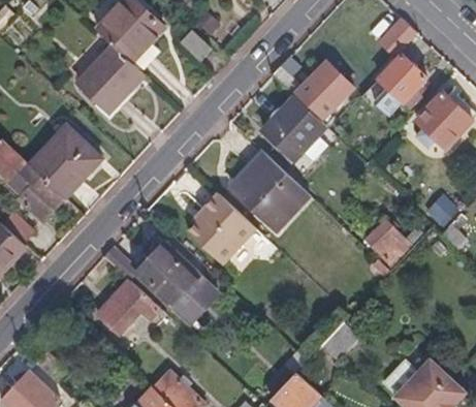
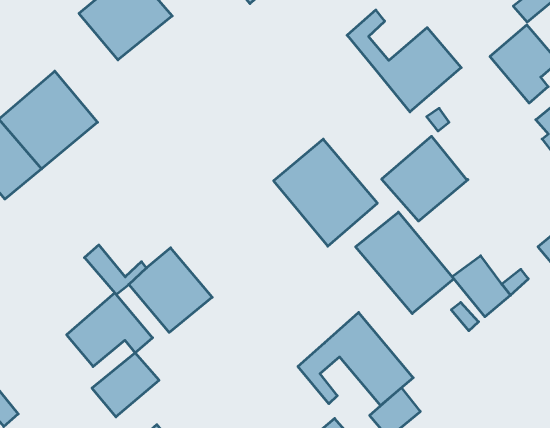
building: [262,97,324,159] -> [382,136,468,221]
building: [187,193,255,265] -> none
building: none -> [356,212,454,314]
building: none -> [298,312,413,406]
building: [169,275,217,322] -> [92,353,159,417]

